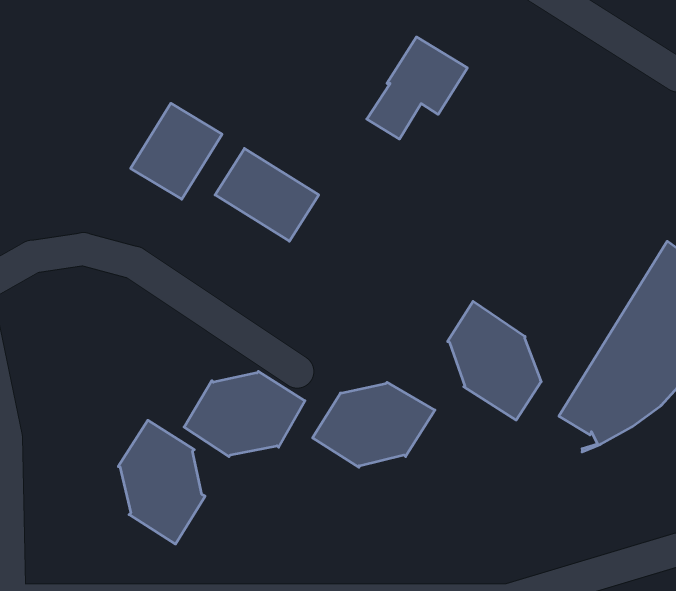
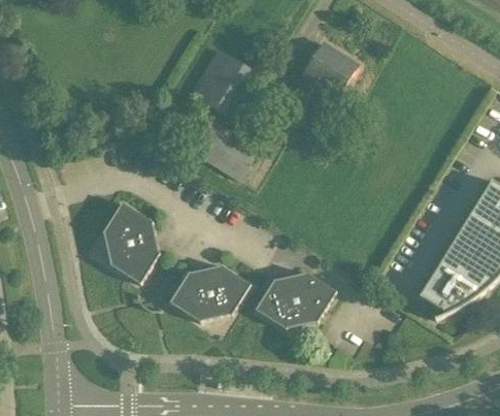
building: [131,103,222,199] -> [192,47,253,111]
building: [448,301,541,420] -> none
building: [118,420,205,544] -> [102,201,160,284]

